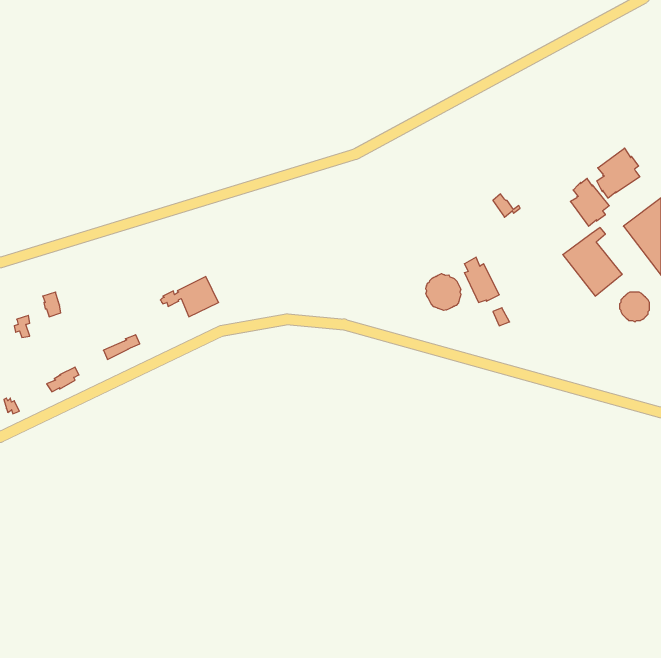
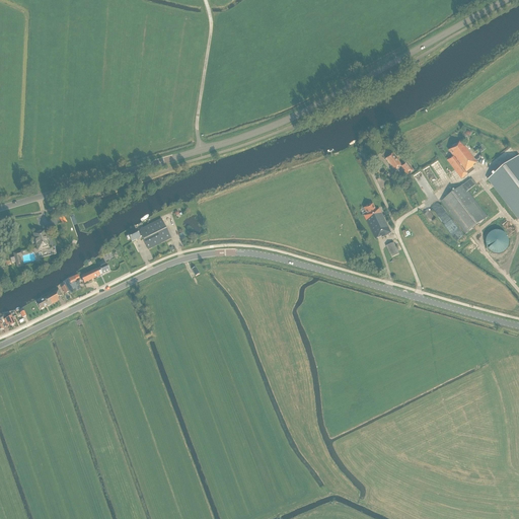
building: [597,148,640,198] -> none
building: [426,274,461,310] -> none

